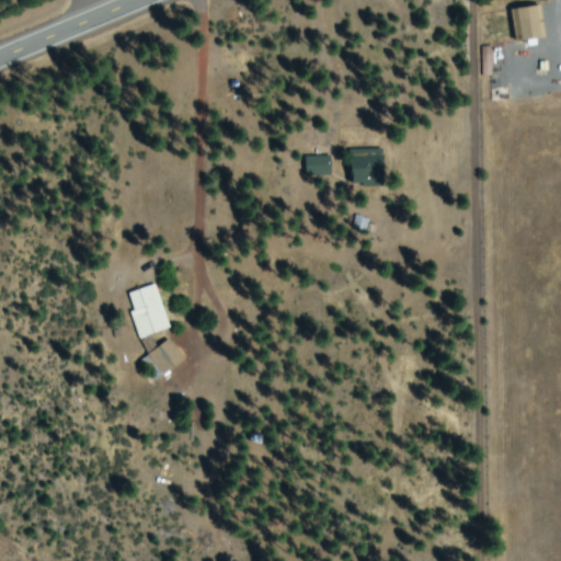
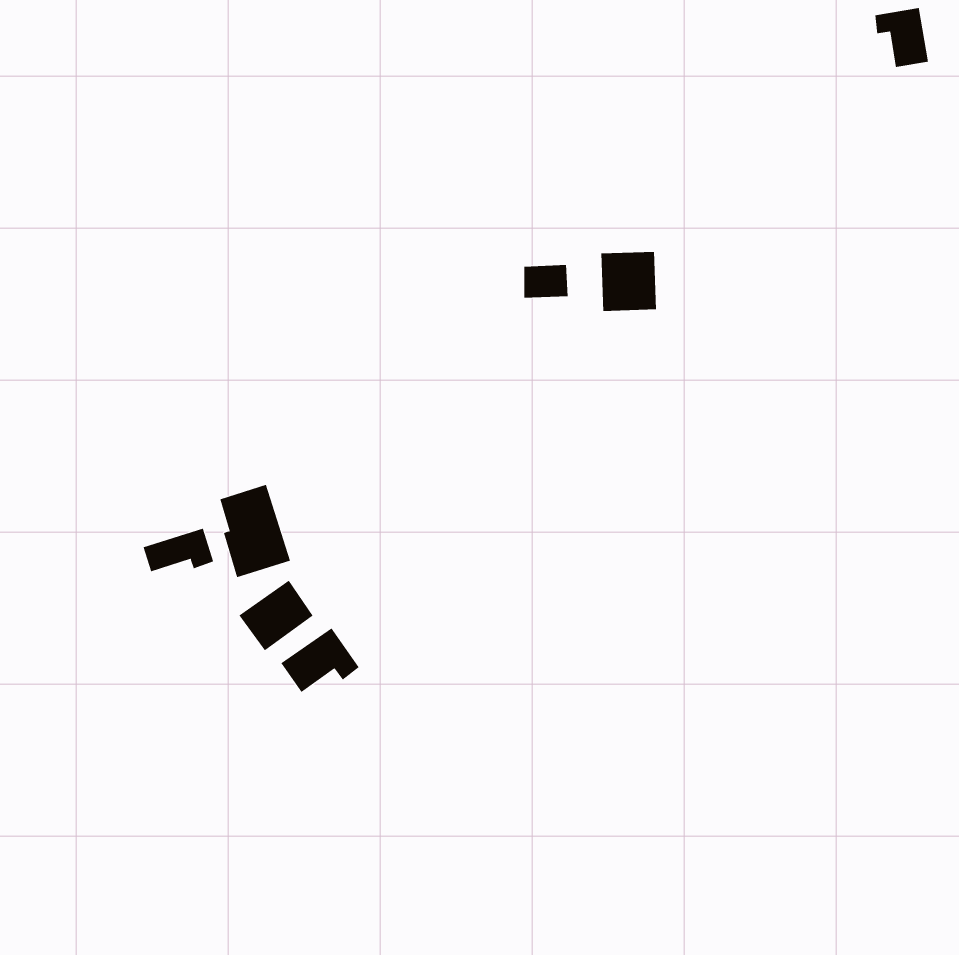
building: none -> [143,528,214,572]
building: none -> [281,627,359,693]

